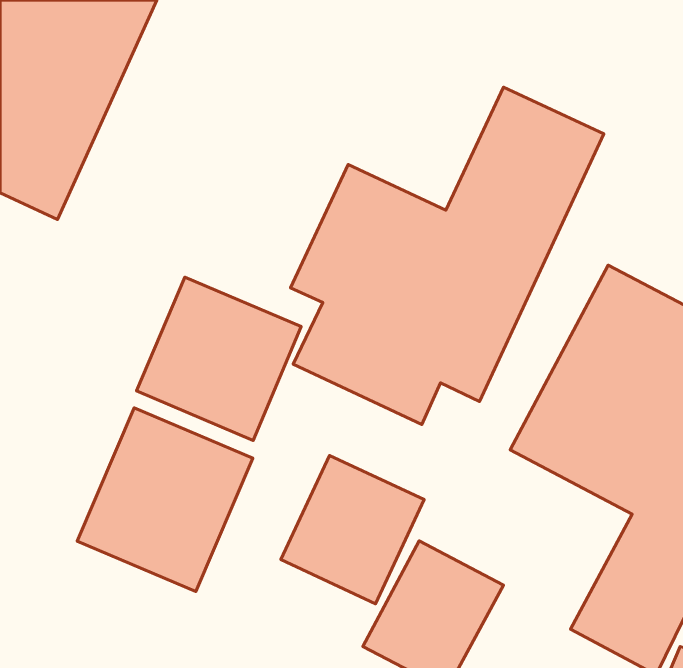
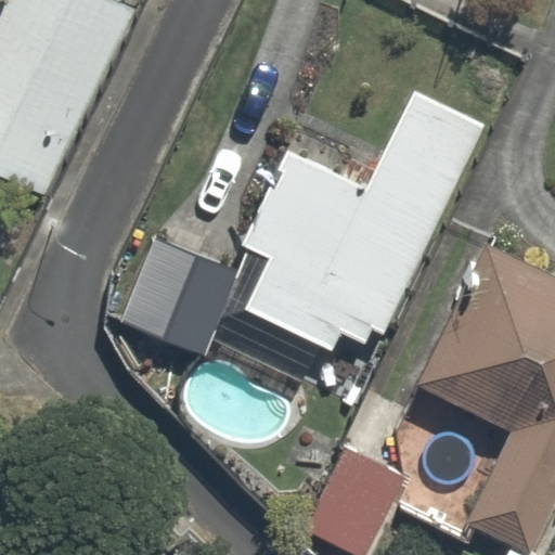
building: [77,408,253,592] -> none
building: [281,455,424,604] -> none

